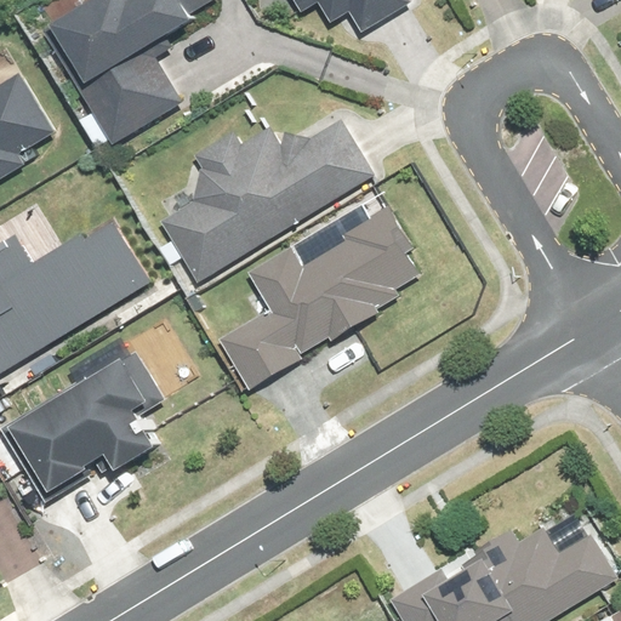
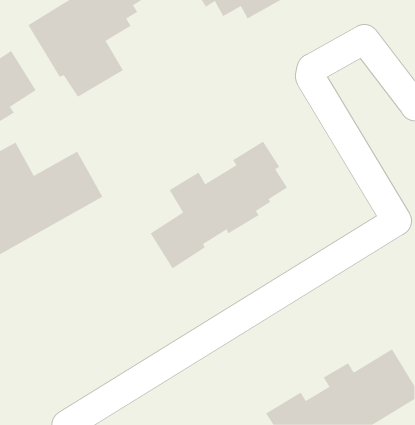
building: [160,119,376,284] -> none
building: [19,354,163,488] -> none

